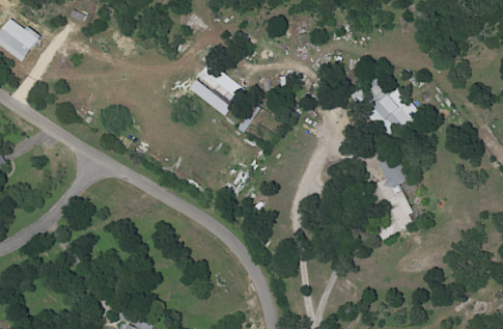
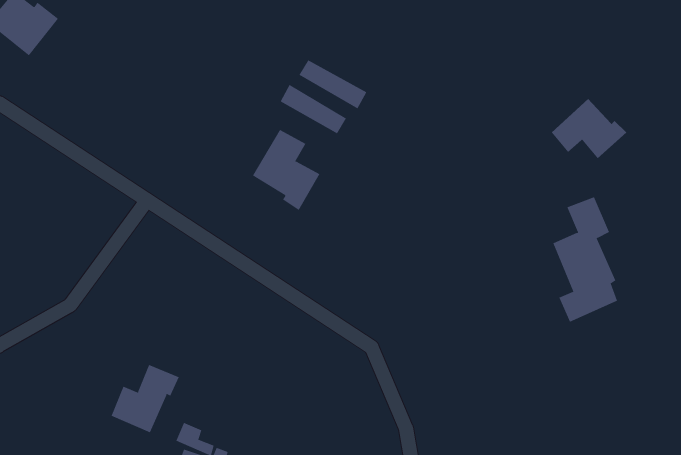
building: none -> [252,129,320,211]
building: none -> [111,364,180,433]

